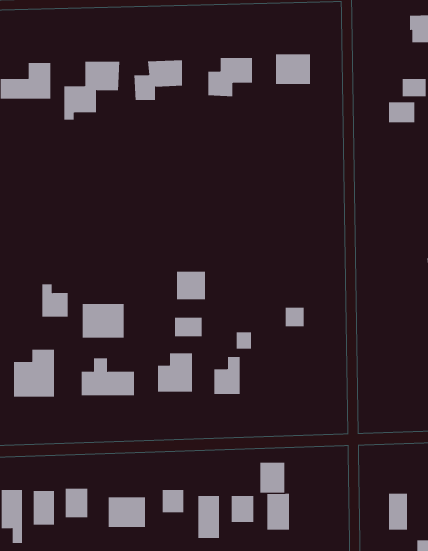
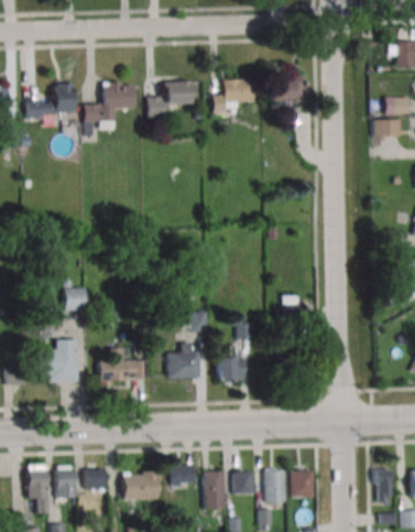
building: [177,271,206,300] -> none
building: [82,303,124,339] -> none
building: [259,462,285,493] -> [291,470,314,498]

